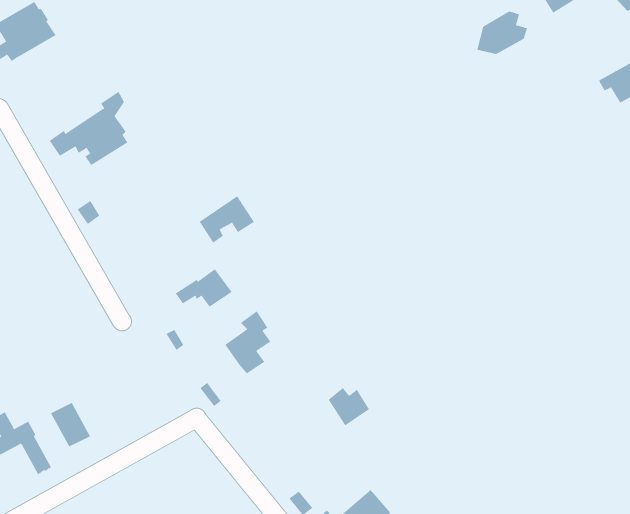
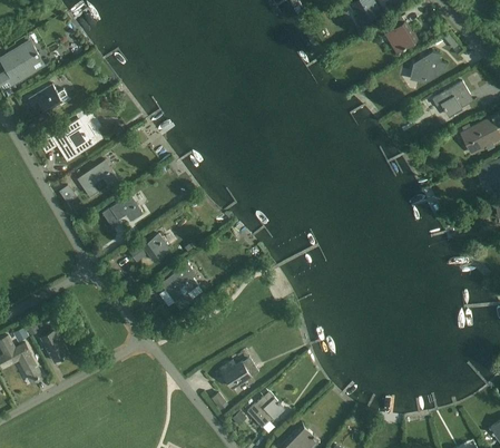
building: [476,11,528,54] -> [410,51,447,82]
building: none -> [29,85,71,113]
building: none -> [80,159,117,195]
building: [199,195,255,244] -> [102,194,143,228]
building: [328,387,370,426] -> [220,360,251,388]

